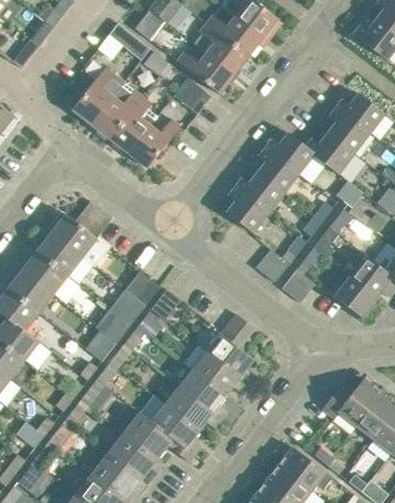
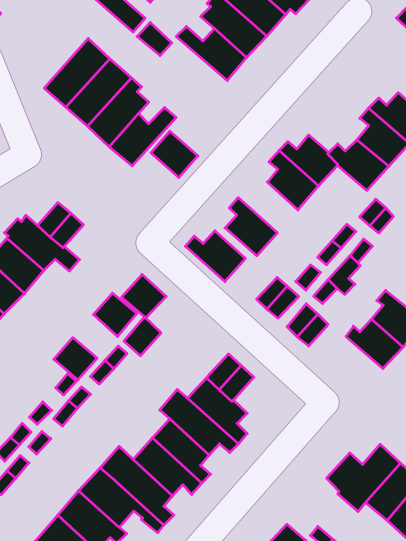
building: [172,77,210,114] -> [151,131,198,178]
building: [234,173,283,213] -> [185,231,245,282]
building: [109,290,145,324] -> [122,274,166,318]

